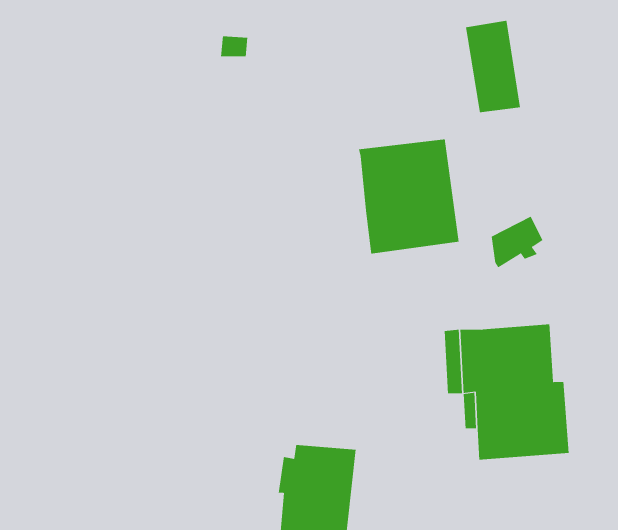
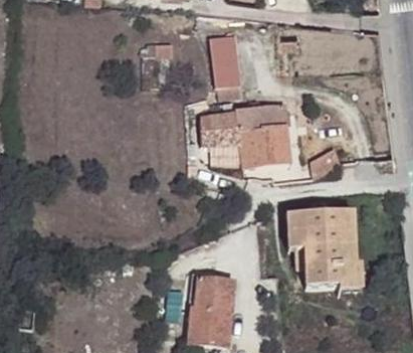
building: [465,20,521,113] -> [208,34,240,87]
building: none -> [199,114,238,146]

